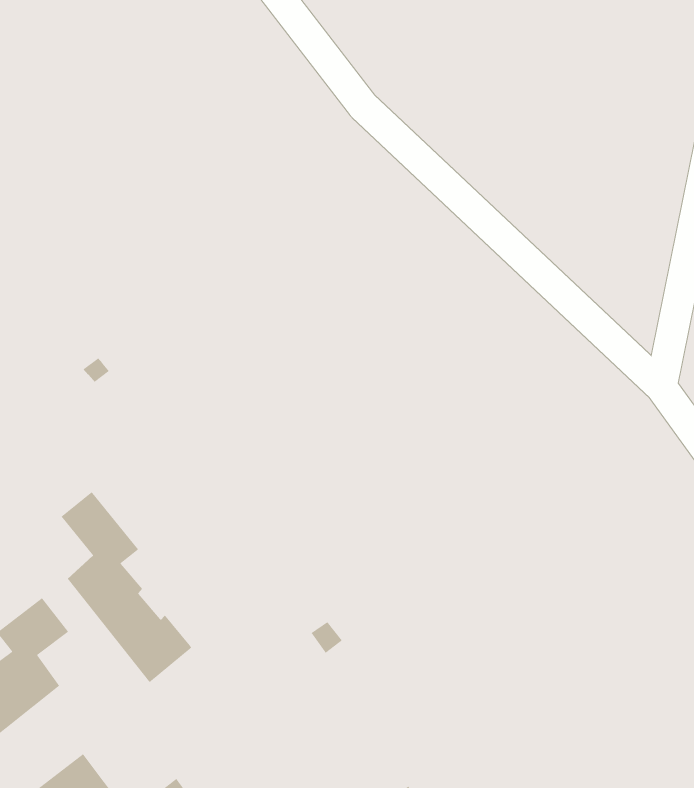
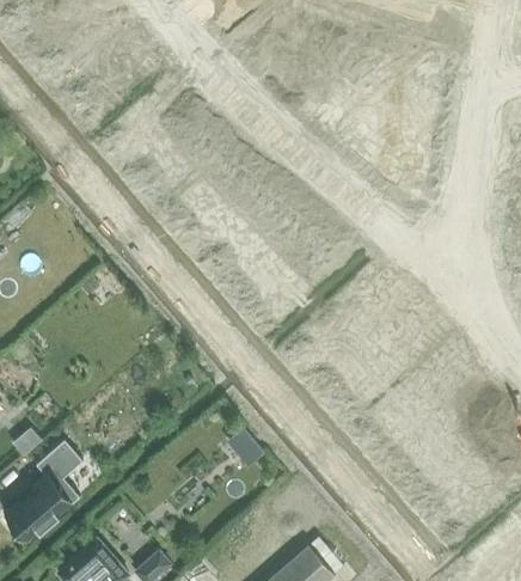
building: [61,491,192,683] -> none

